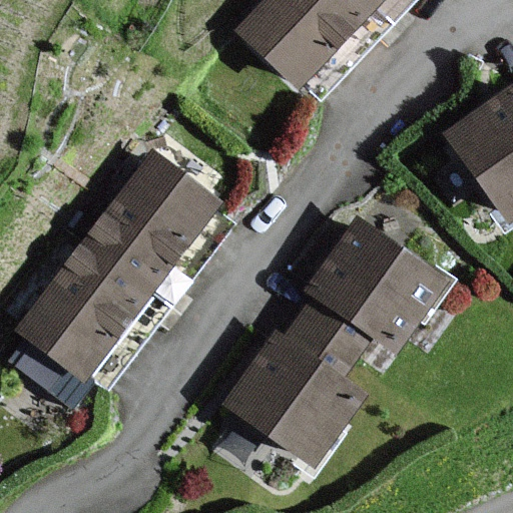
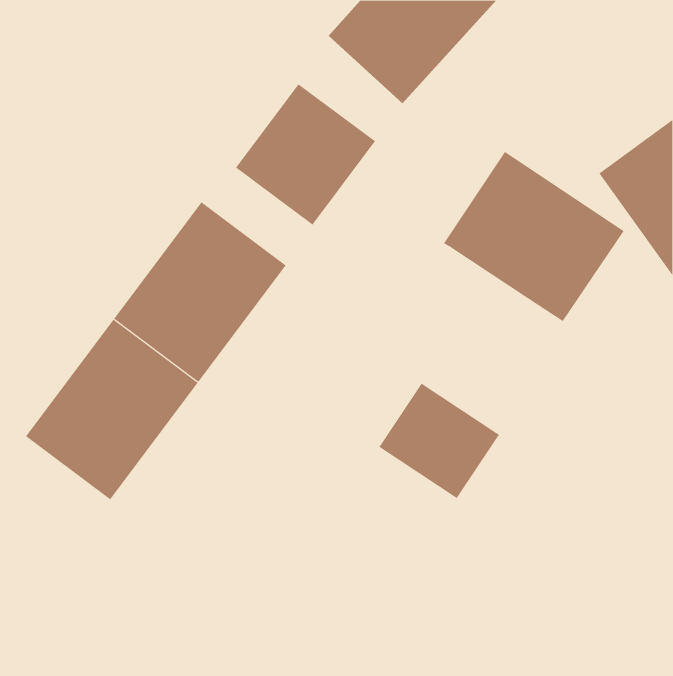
building: none -> [235,83,376,225]
building: [312,219,448,348] -> [443,151,624,322]
building: [225,333,366,465] -> none

